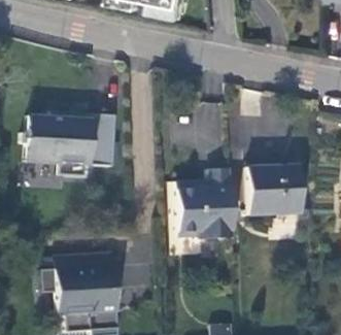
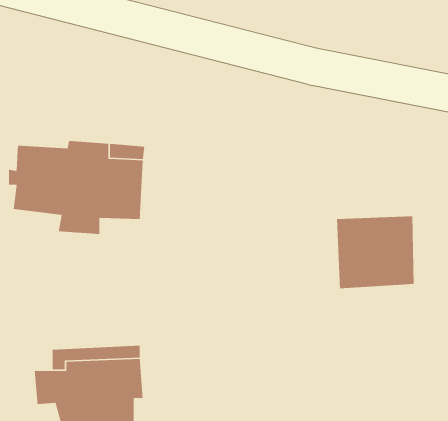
building: [174,164,245,247] -> none

